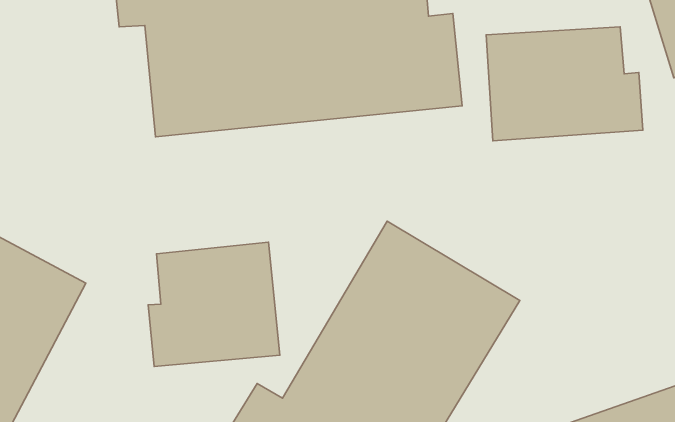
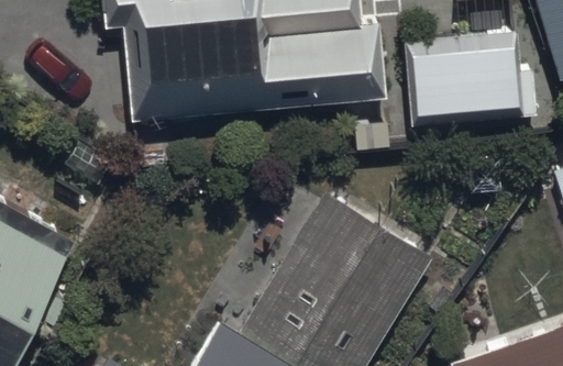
building: [148,242,280,367] -> none

